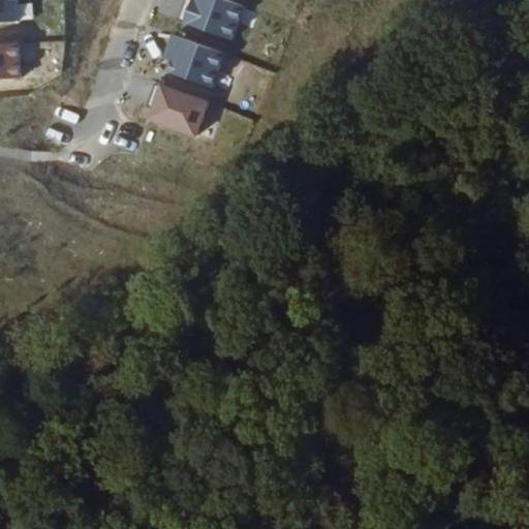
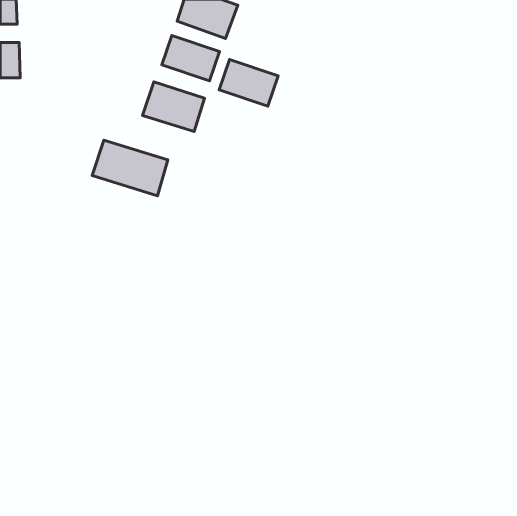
building: none -> [219,59,278,106]
building: none -> [92,140,168,196]

